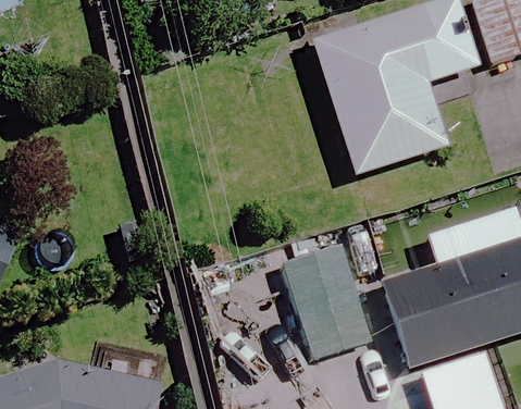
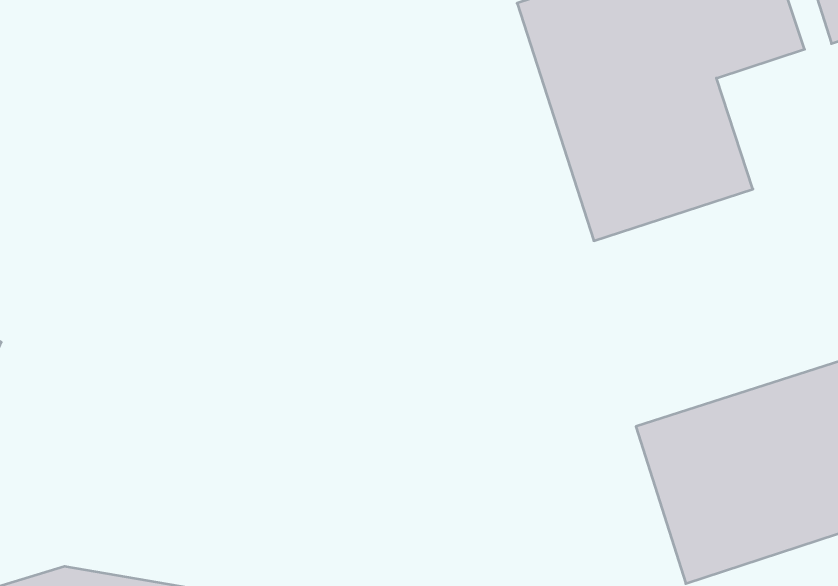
building: [287,240,372,348] -> none

